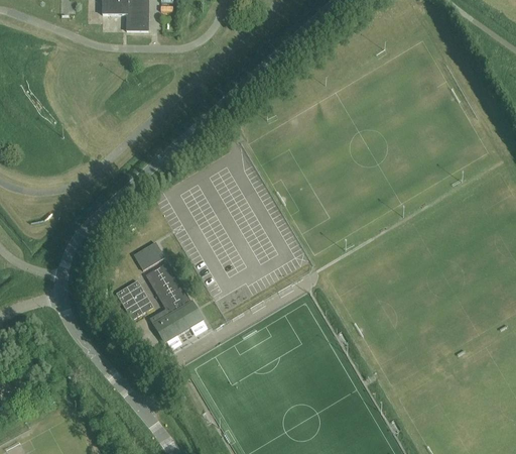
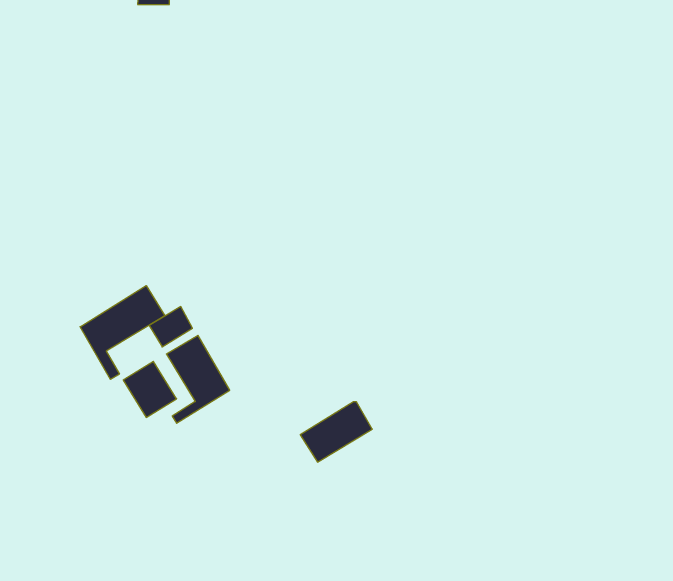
building: none -> [80,286,165,379]
building: [152,300,203,342] -> [300,402,372,462]

